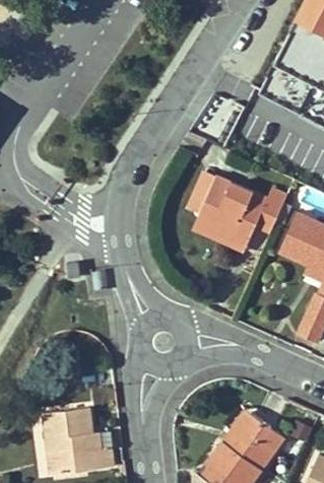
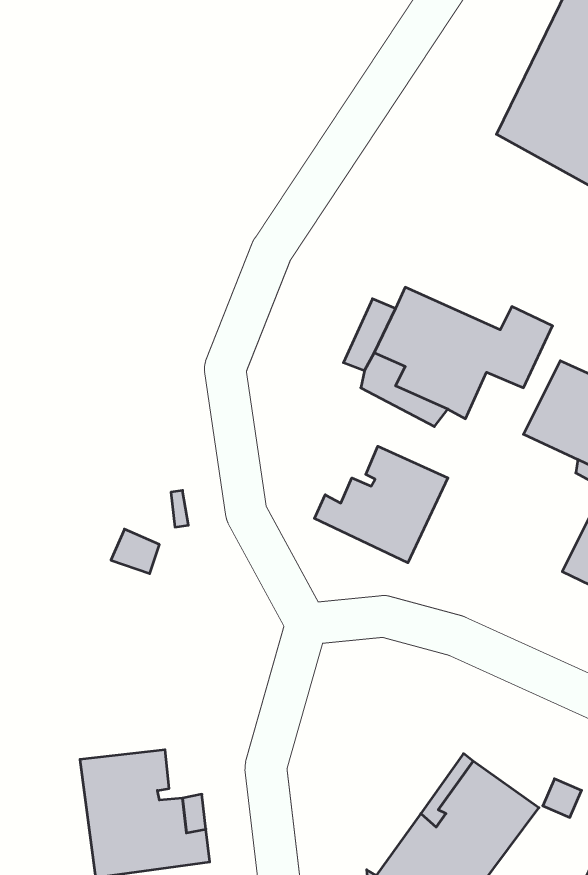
building: none -> [314,446,448,563]

